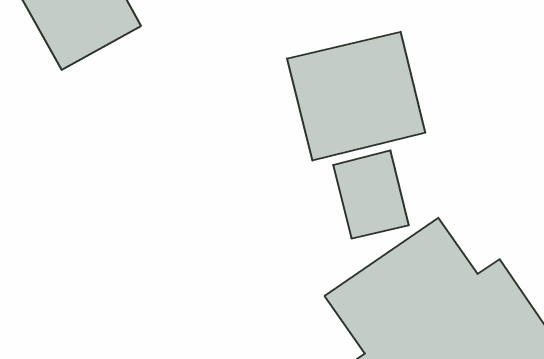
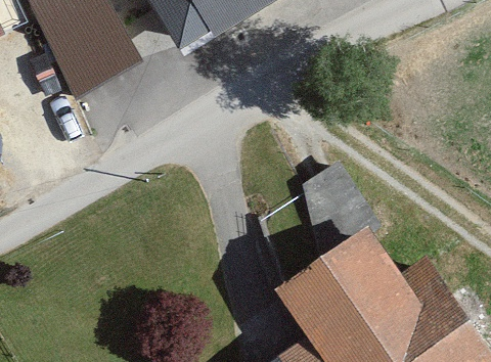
building: [287,32,425,161] -> none

